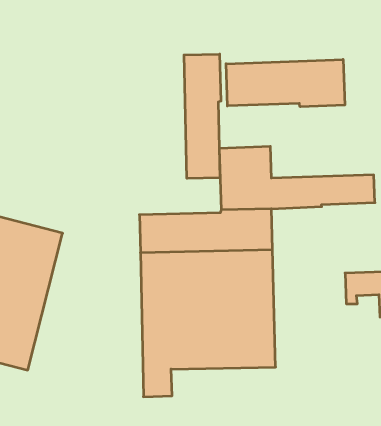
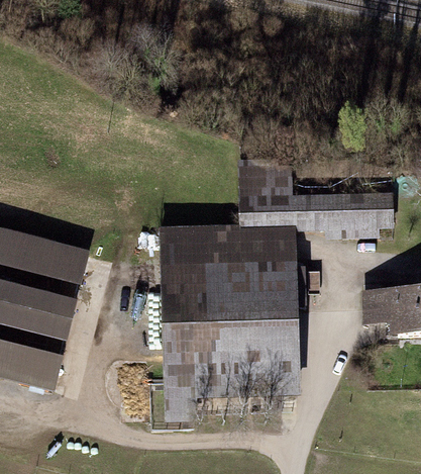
building: [184,54,221,178] -> none
building: [226,59,345,107] -> none

